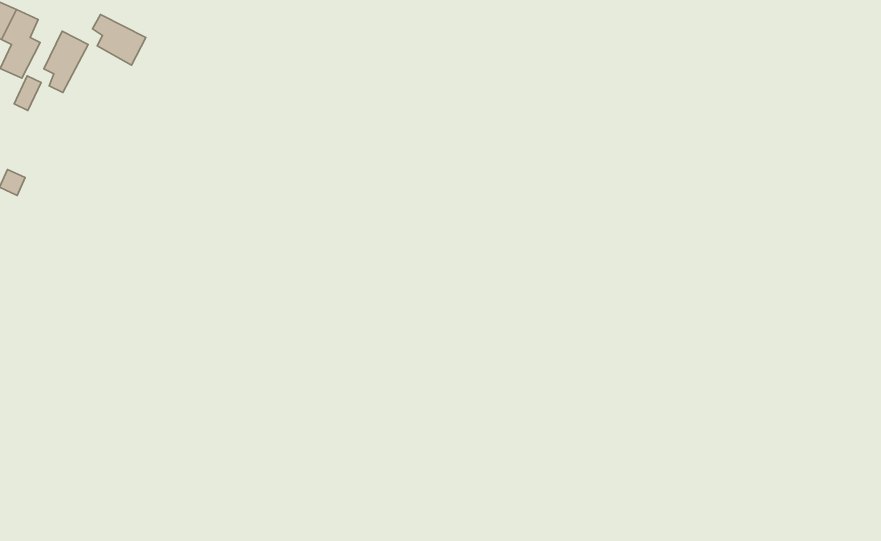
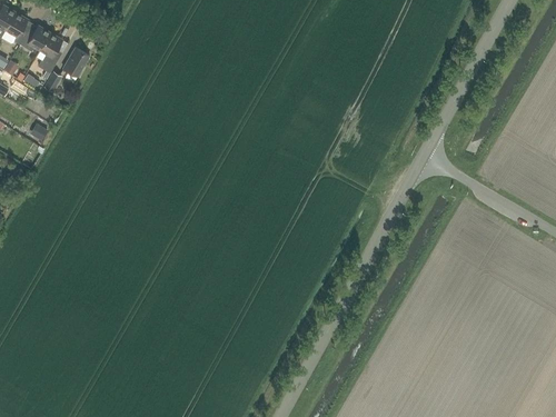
building: [92,14,146,65] -> none

